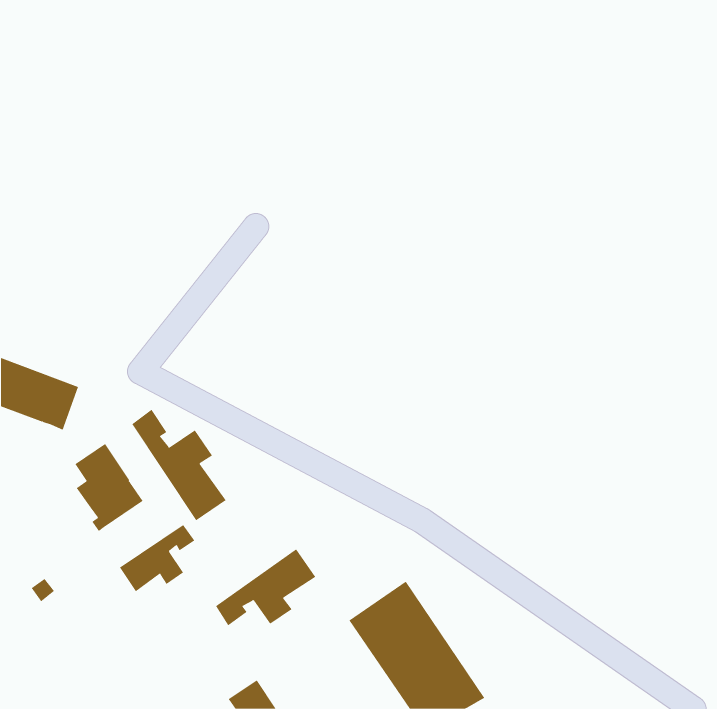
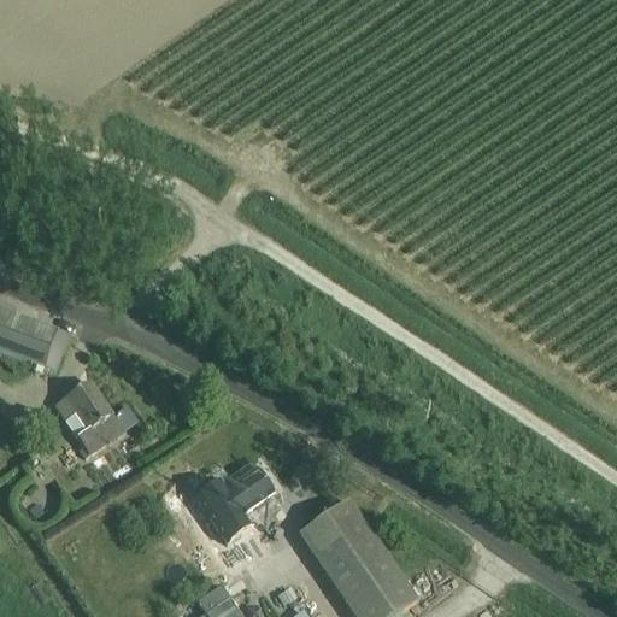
building: [131,409,227,521] -> none
building: [119,524,195,592] -> none

